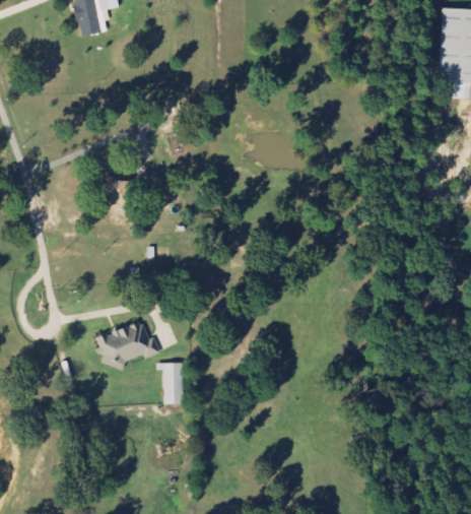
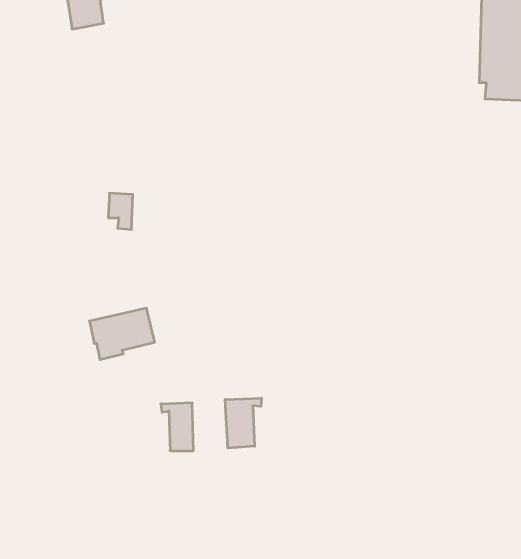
building: [95,322,152,367] -> [89,308,155,360]
building: none -> [225,398,262,448]

